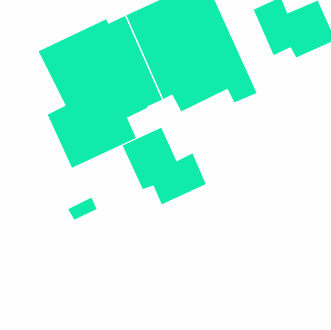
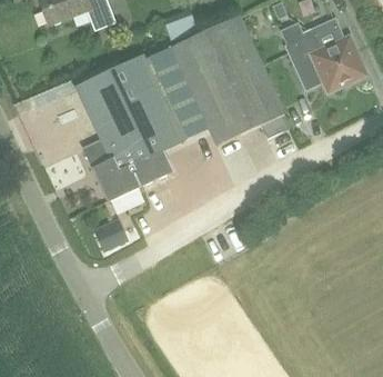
building: [122,127,206,205] -> none

